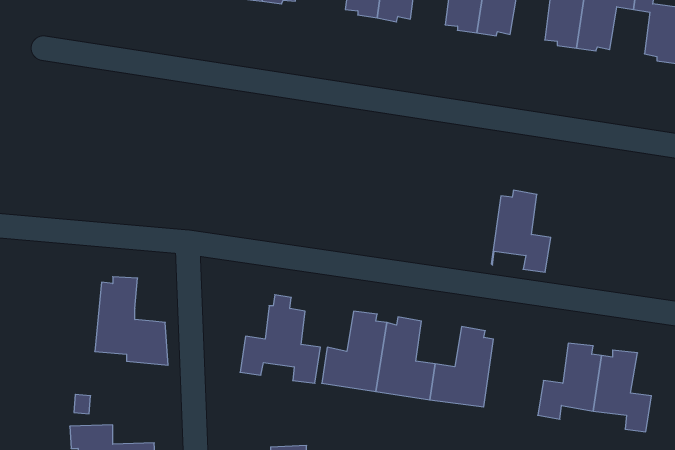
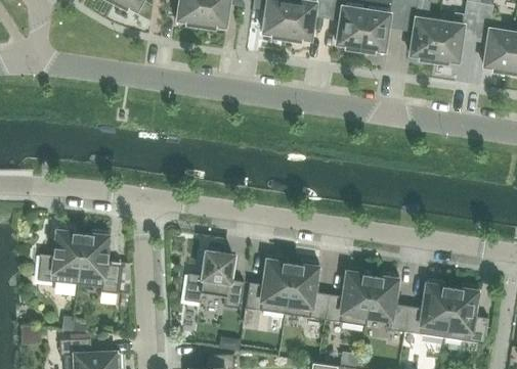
building: [491,190,551,272] -> [364,272,408,332]
building: none -> [37,226,82,285]

